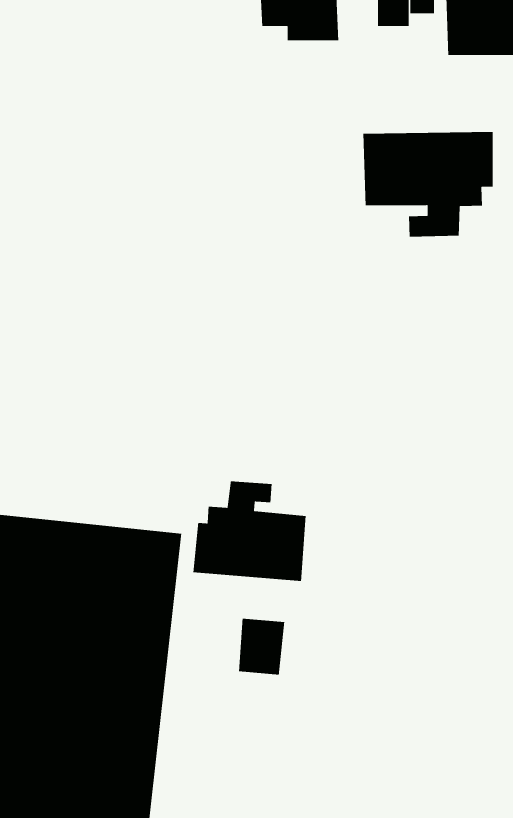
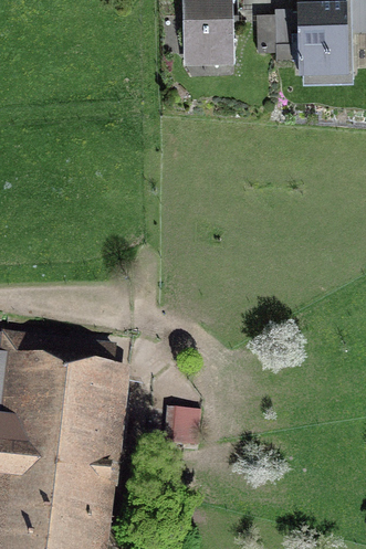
building: [363,131,494,238] -> none
building: [192,480,306,582] -> none

